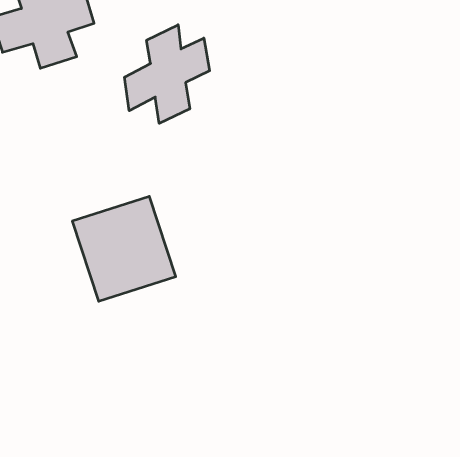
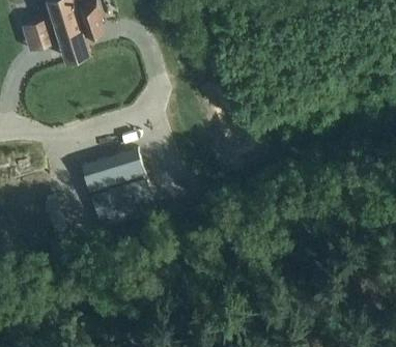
building: [125,25,210,123] -> none

